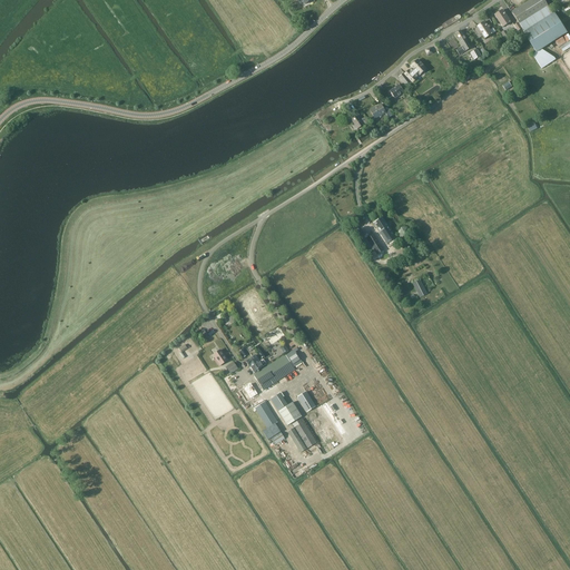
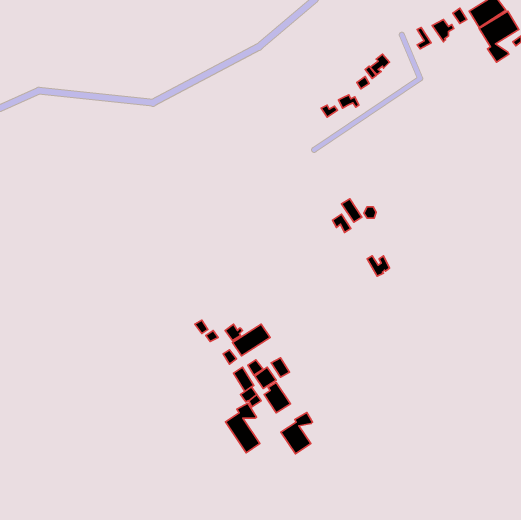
building: none -> [225,403,260,453]
building: none -> [281,412,313,454]

